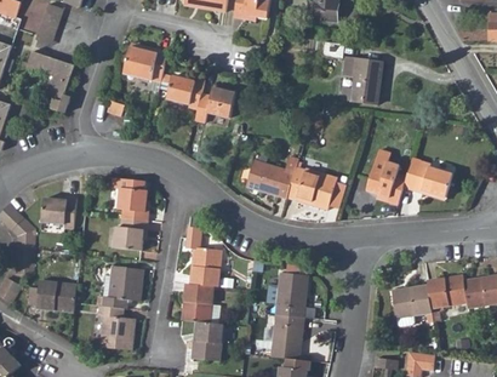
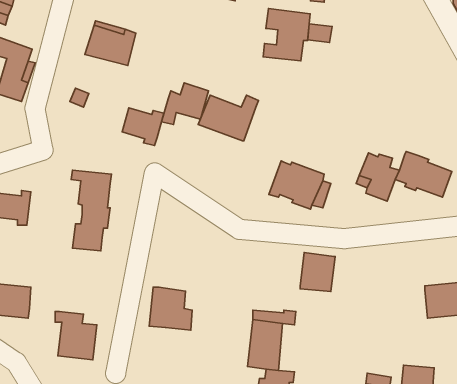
building: [341,57,383,104] -> [263,8,310,61]
building: [168,76,206,110] -> [122,108,164,145]
building: [247,155,302,196] -> [198,95,259,141]
building: [185,222,221,284] -> none
building: [99,262,142,304] -> none
building: [274,268,305,303] -> [300,253,335,292]
building: [394,282,433,315] -> none
building: [192,316,224,356] -> none

